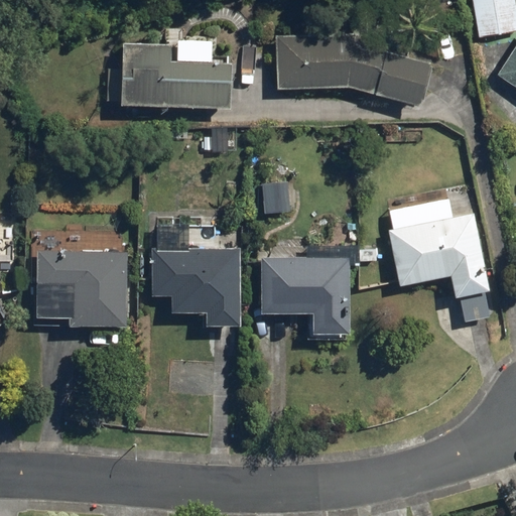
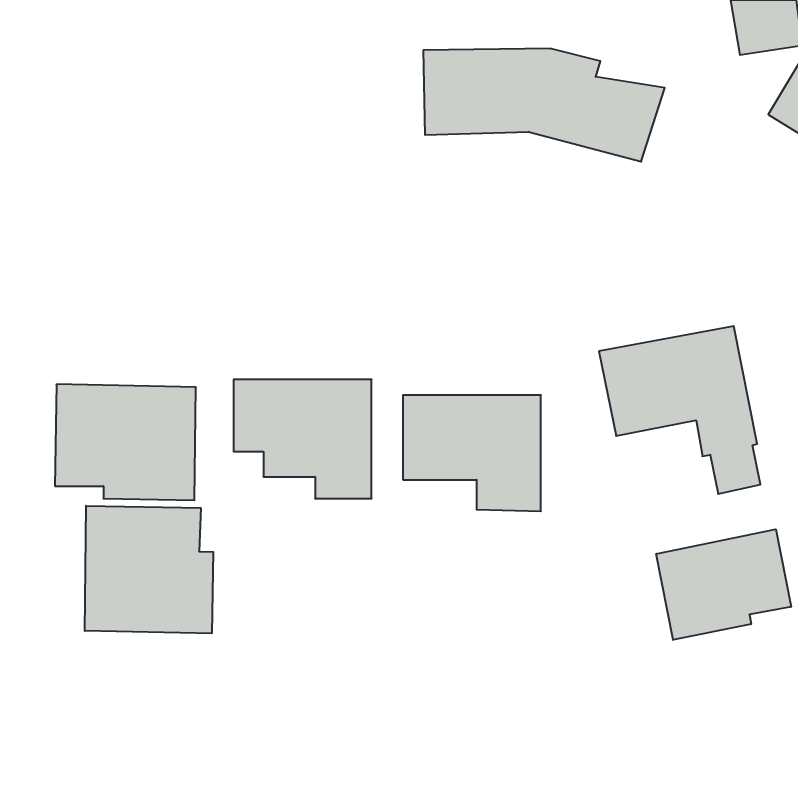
building: [117,42,229,110] -> none
building: none -> [85,506,213,633]
building: none -> [656,529,791,640]

